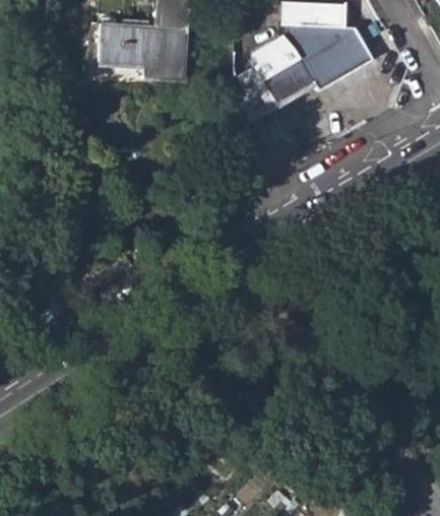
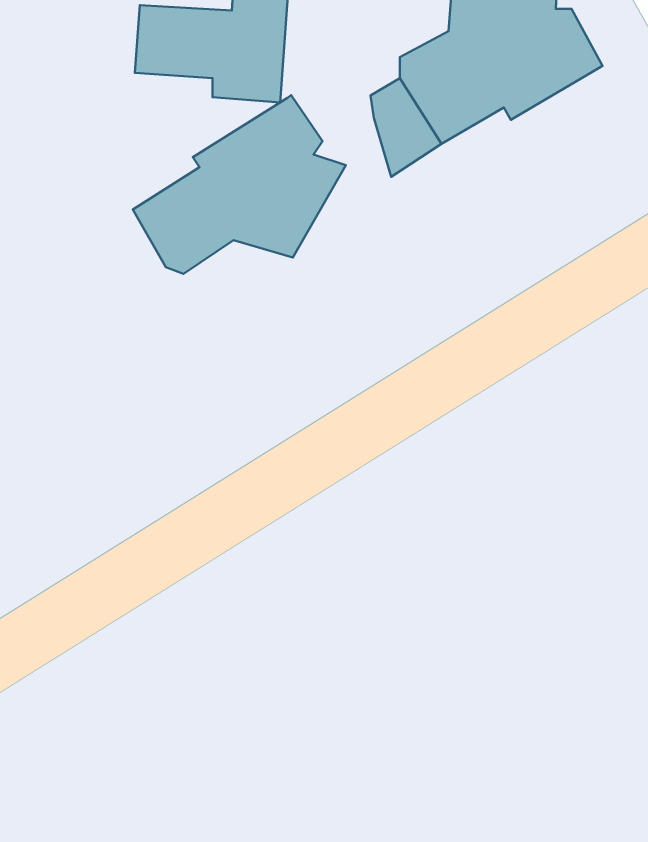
building: none -> [133,95,346,274]

